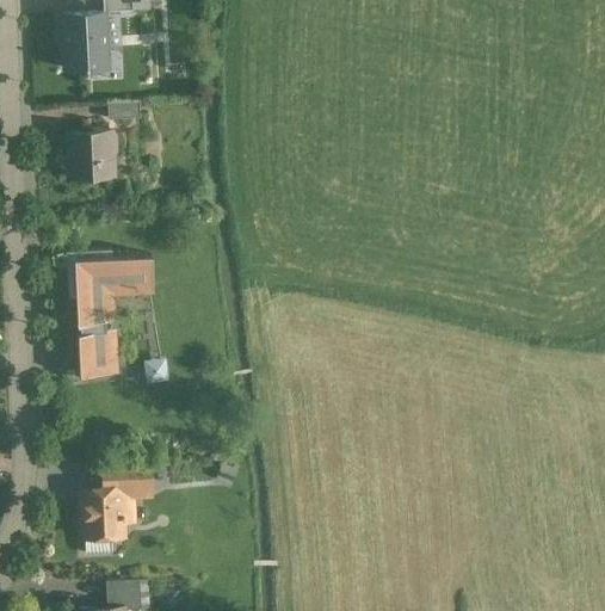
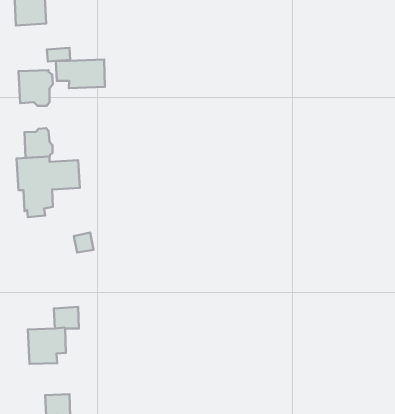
building: none -> [56,60,105,88]
building: none -> [25,128,52,158]
building: [79,333,119,377] -> none

